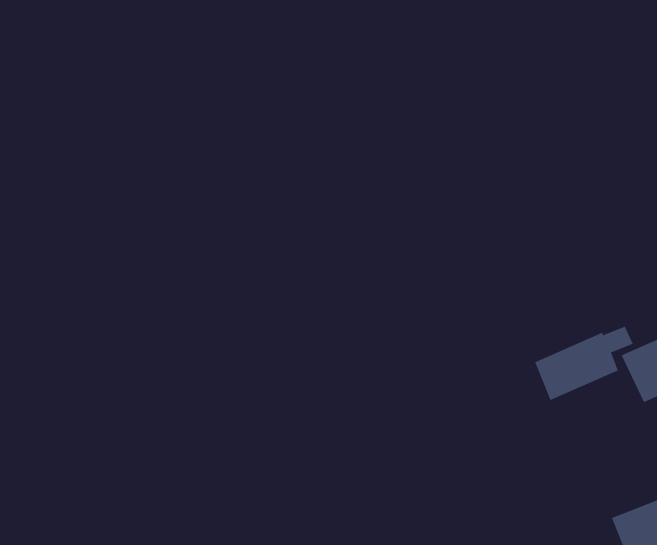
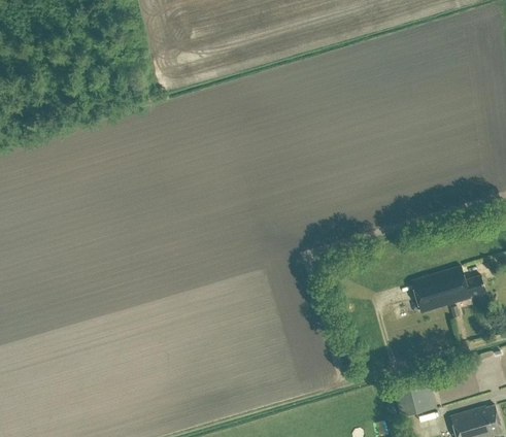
building: [535,326,634,401] -> none

